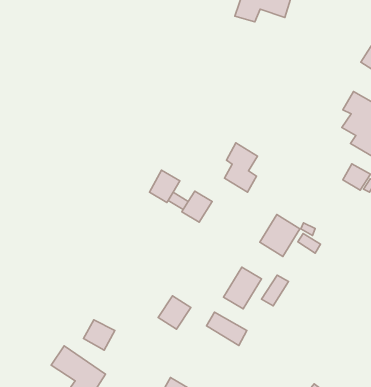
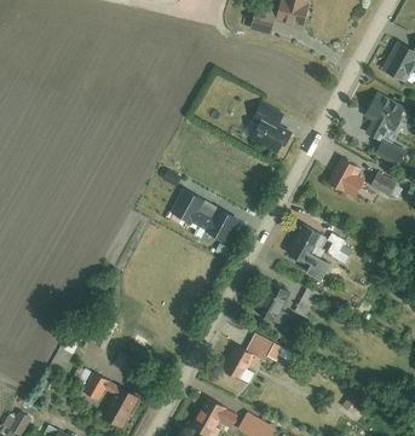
building: [224,143,258,192] -> [250,101,283,151]
building: none -> [327,159,368,198]
building: [158,296,191,329] -> [221,345,254,379]

